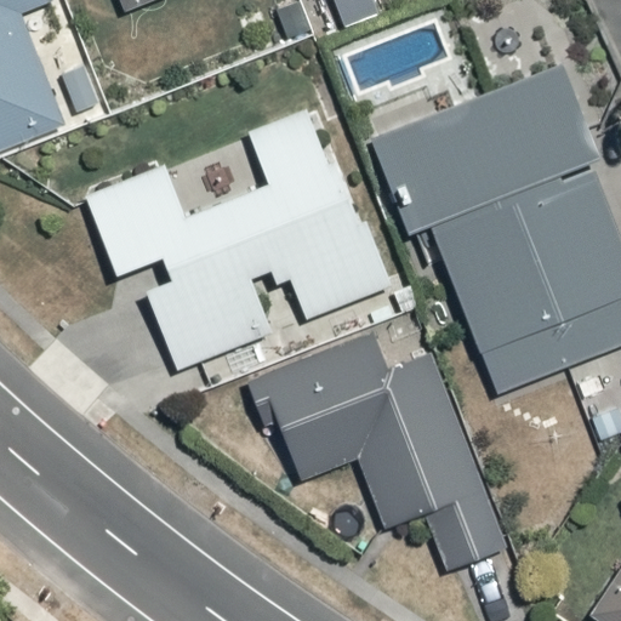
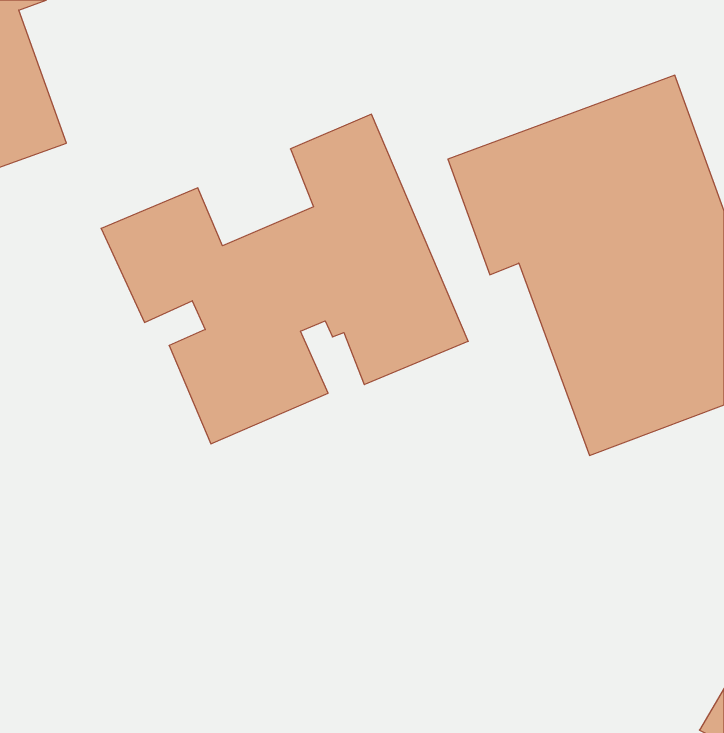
building: [250,343,500,570] -> none

